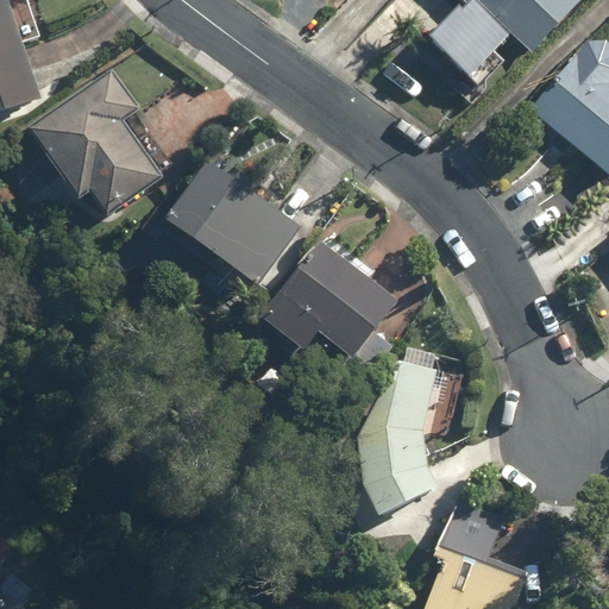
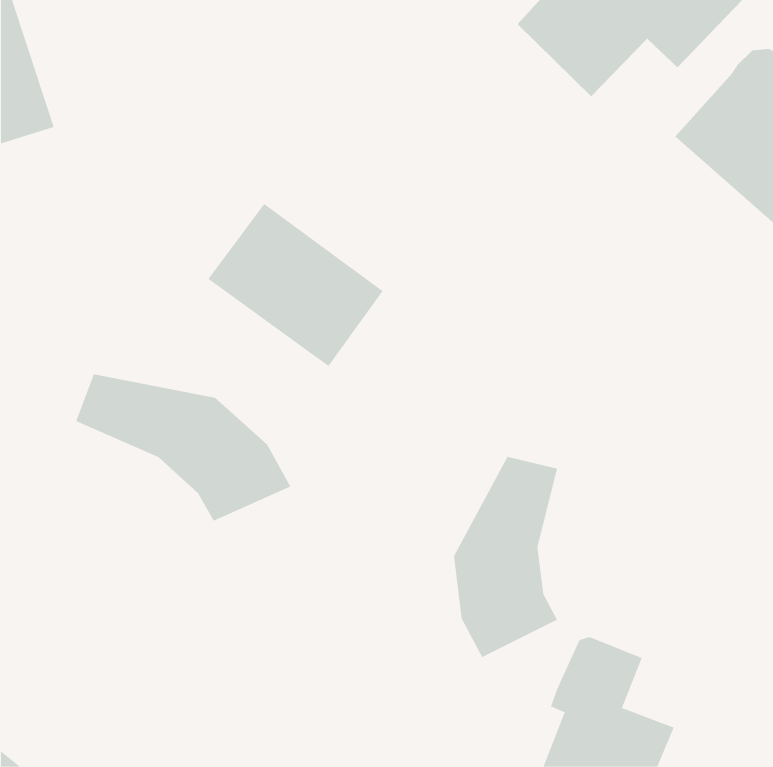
building: [27,65,165,219] -> none
building: [259,239,400,360] -> none
building: none -> [76,373,291,522]

